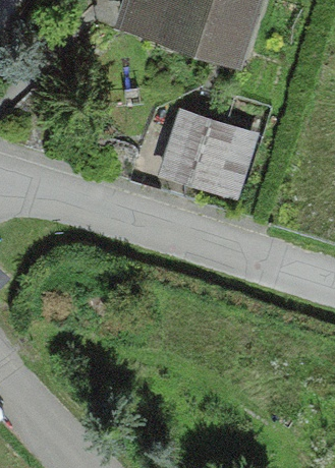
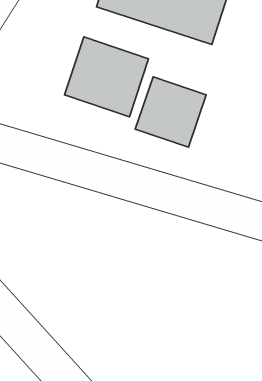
building: none -> [64,37,149,117]

